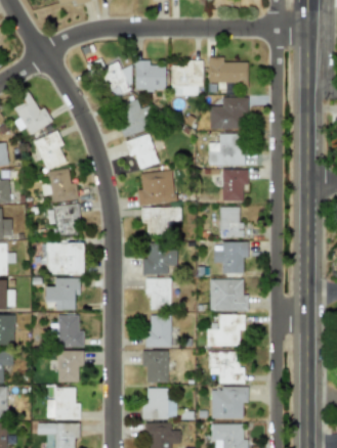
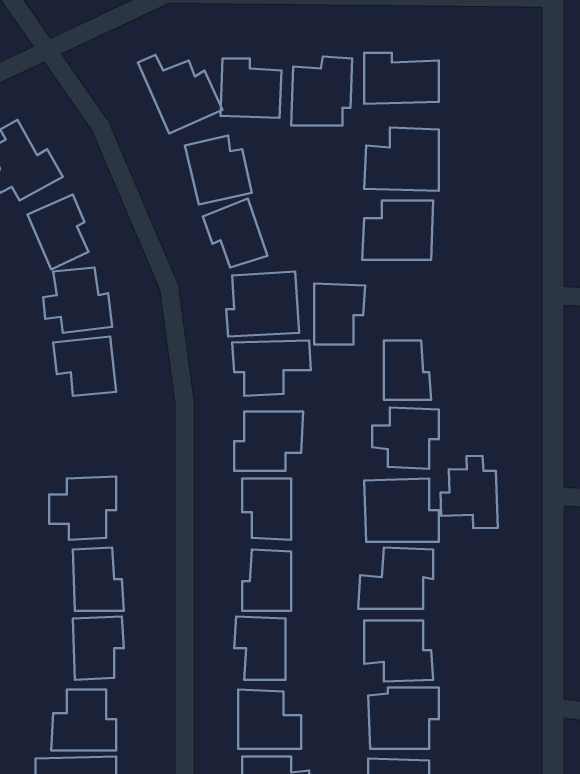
building: [223,169,250,200] -> [314,284,365,345]
building: [47,242,85,274] -> none
building: none -> [440,456,498,528]

